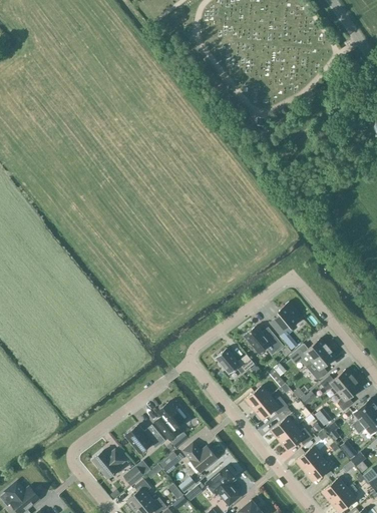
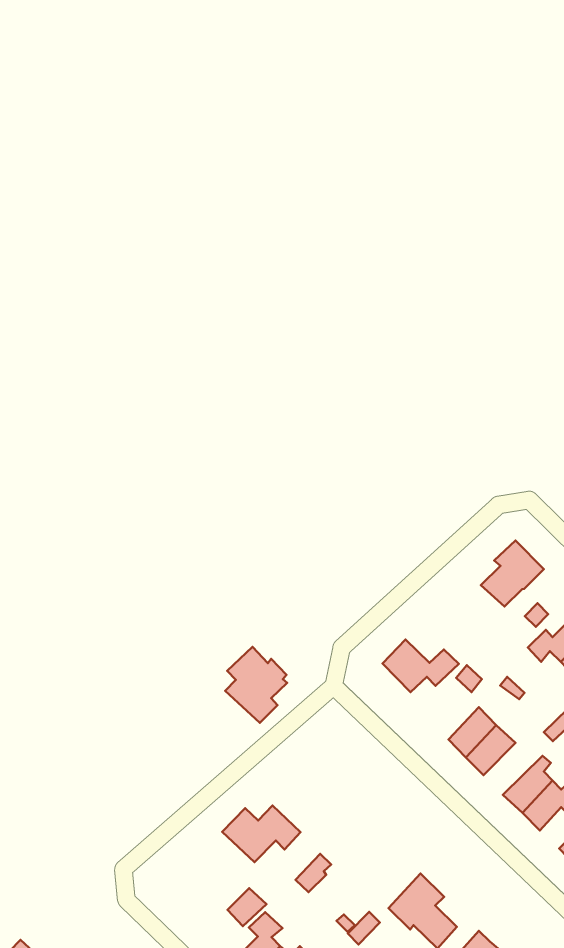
building: [245,326,284,355] -> none
building: [154,401,186,440] -> [225,647,287,723]
building: [183,442,218,472] -> none
building: [93,449,125,478] -> none

